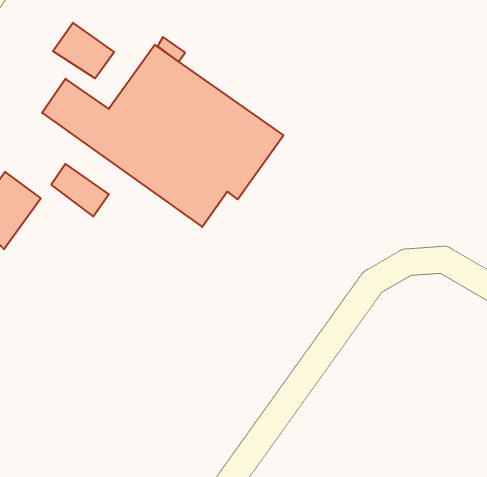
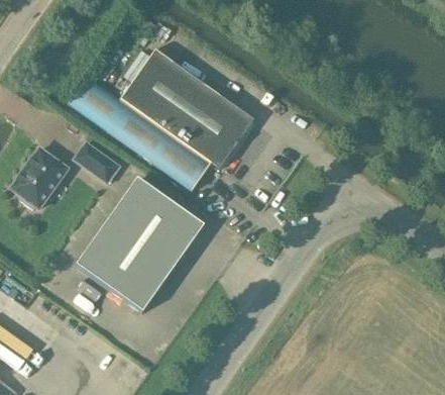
building: [53,23,114,78] -> none
building: none -> [76,177,204,311]

